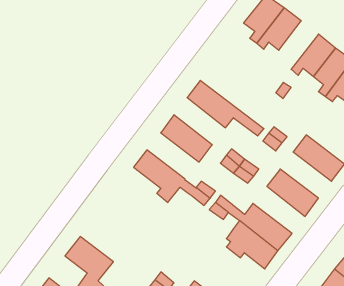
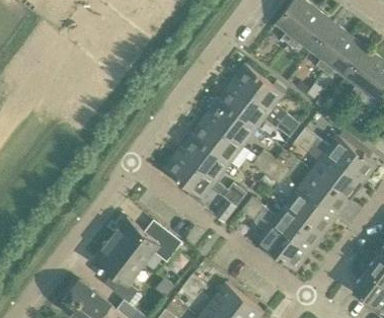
building: none -> [310,22,350,71]
building: none -> [231,65,300,131]
building: none -> [205,99,256,147]
building: none -> [177,135,230,181]
building: none -> [311,154,363,201]
building: none -> [284,188,336,236]
building: none -> [110,219,181,264]

